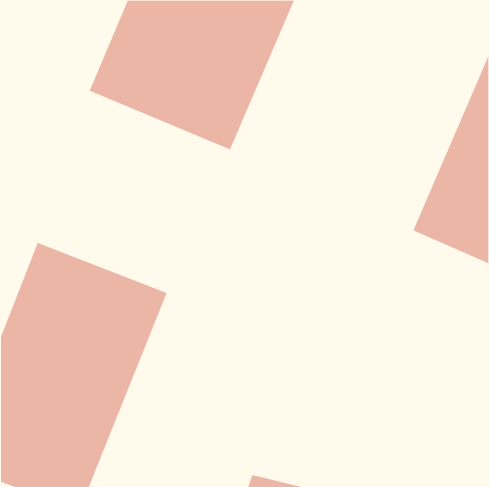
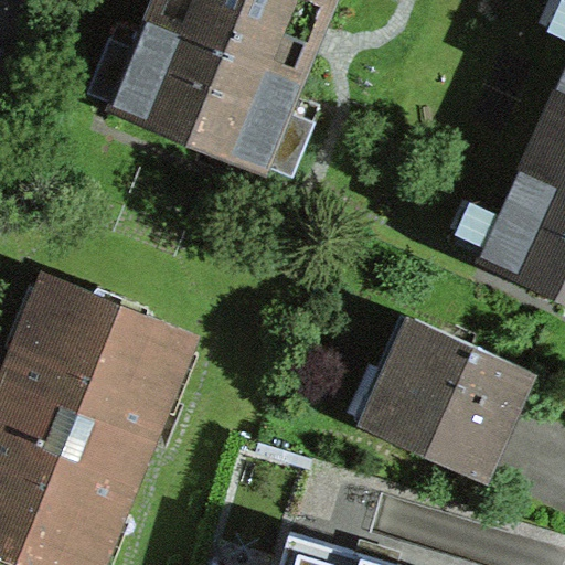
building: none -> [355,313,531,472]

